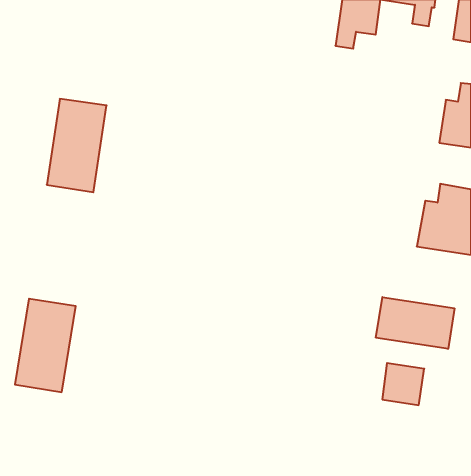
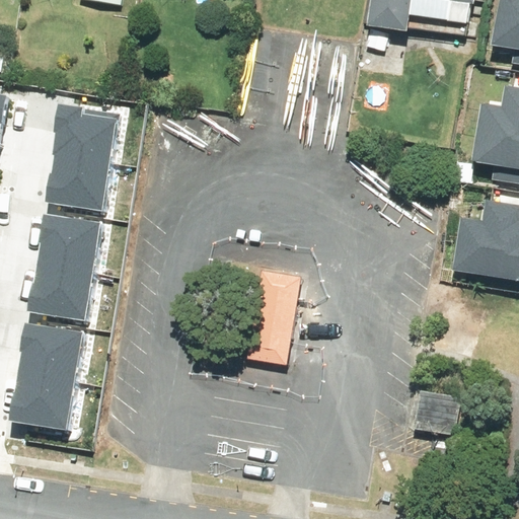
building: none -> [33,218,98,319]
building: none -> [244,273,299,369]
building: [376,297,454,349] -> none

